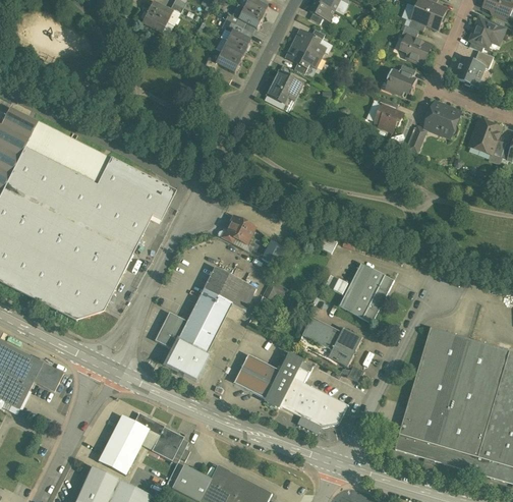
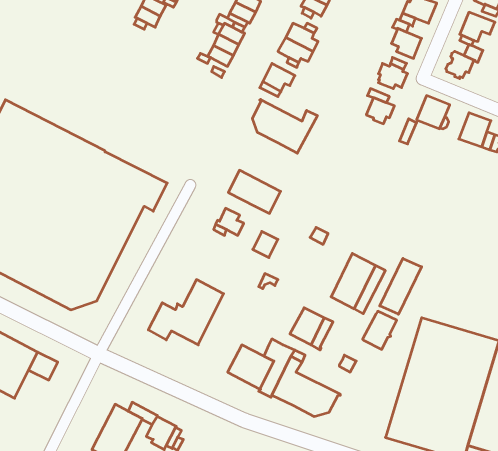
building: none -> [252,99,317,153]
building: [203,266,255,310] -> [228,170,281,213]
building: none -> [380,258,422,314]
building: [328,328,362,367] -> [363,311,397,349]
building: [165,340,208,380] -> none

